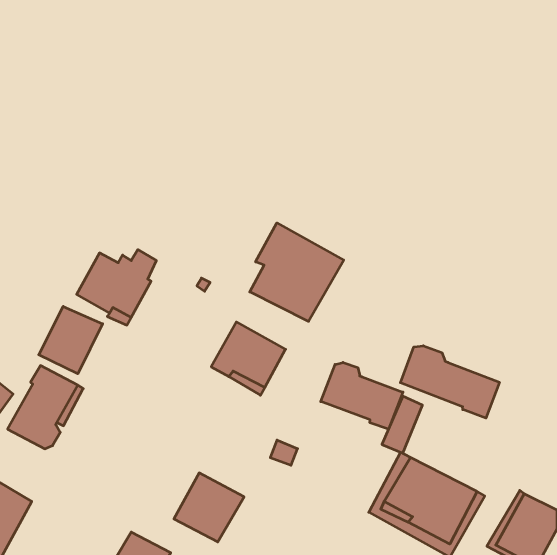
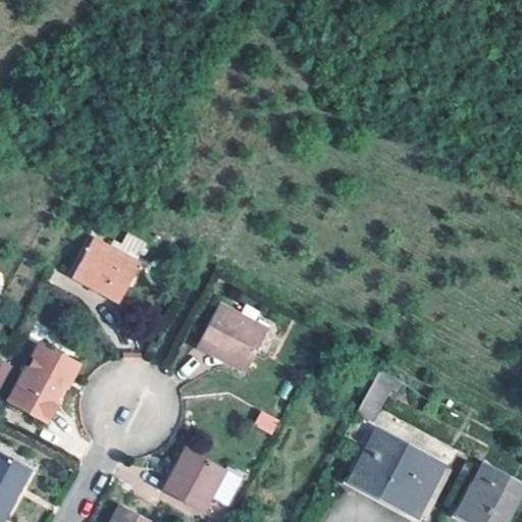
building: [250,223,344,321] -> none
building: [39,306,103,374] -> none
building: [400,346,499,418] -> none
building: [321,362,403,429] -> none

